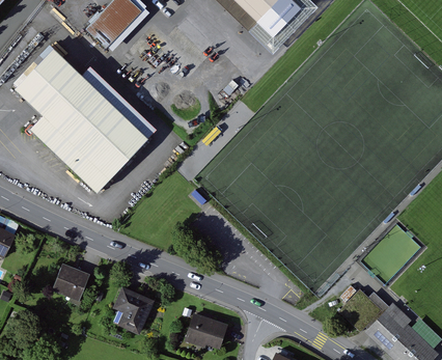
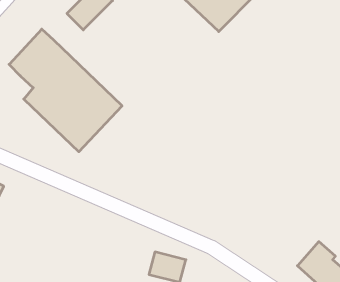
building: [50,260,91,300] -> none
building: [112,286,153,333] -> none

